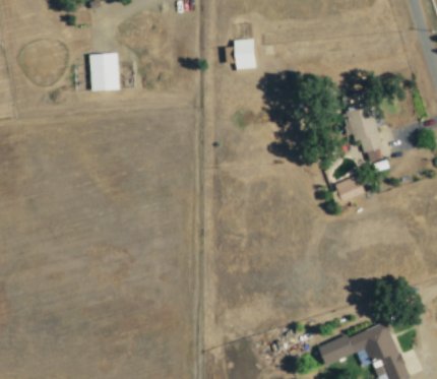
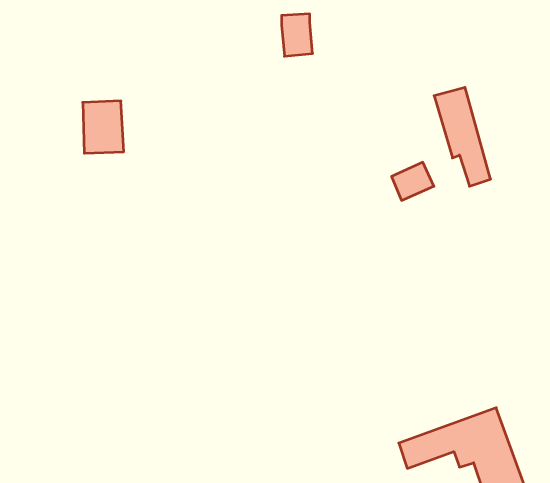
building: [90,53,120,90] -> [83,101,124,153]
building: [335,174,366,201] -> [392,162,434,200]

